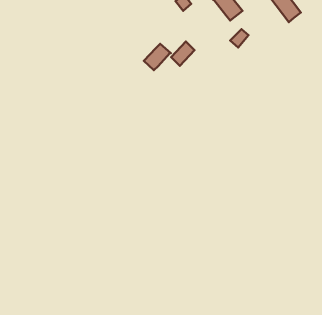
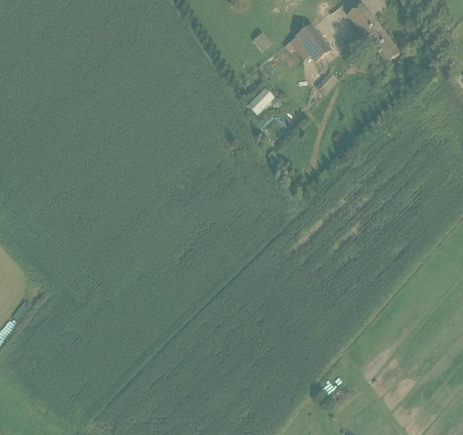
building: [144,44,171,70] -> none

